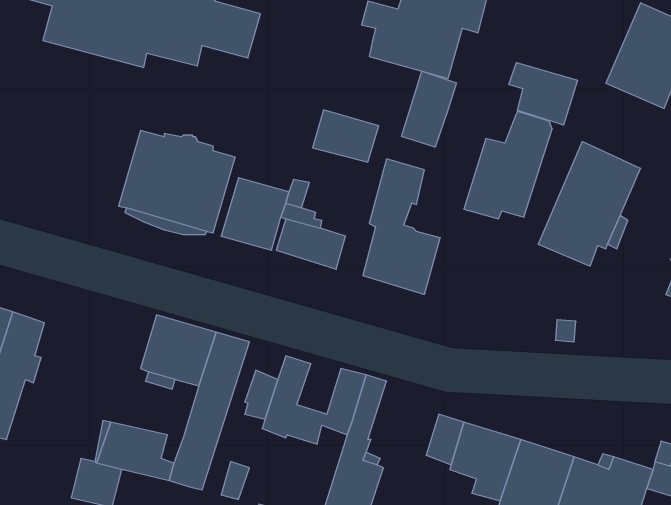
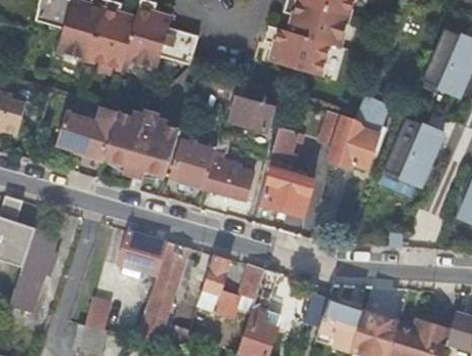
building: [509,63,577,125] -> none
building: [402,71,456,147] -> none
building: none -> [56,106,119,161]

